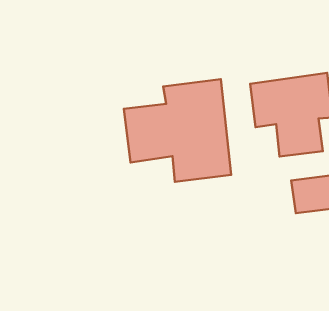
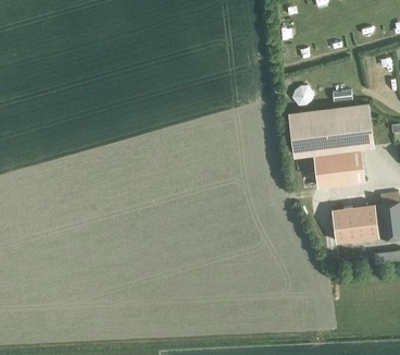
building: [124,79,231,182] -> none

